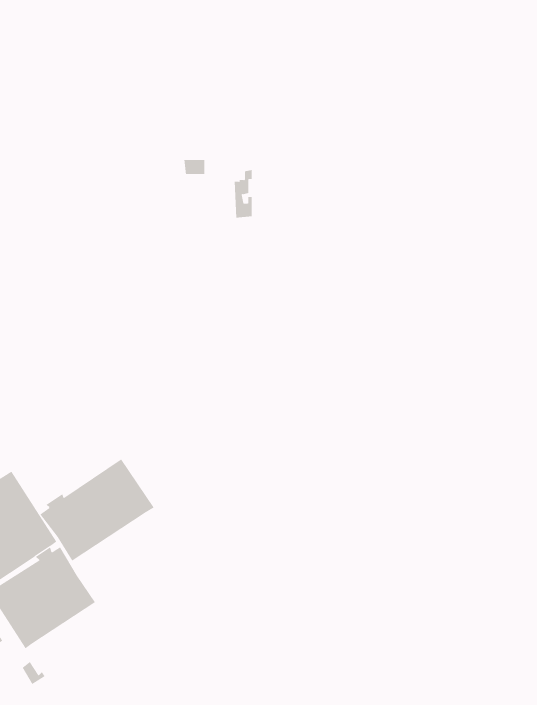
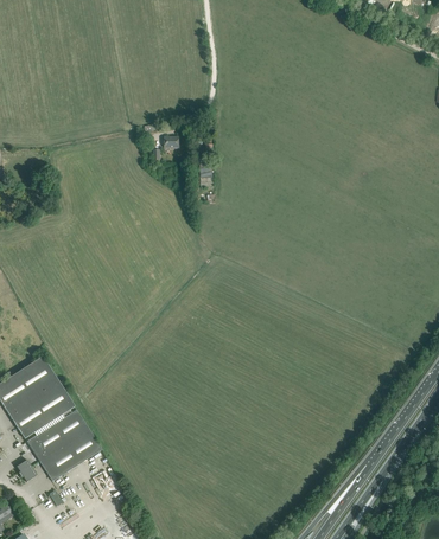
building: [40,459,155,561] -> none

